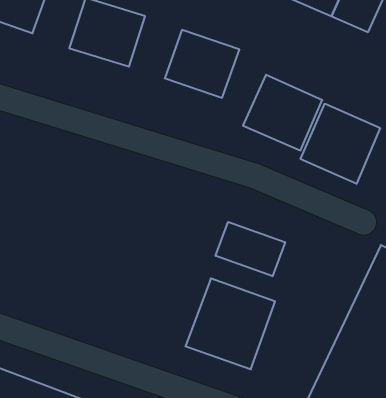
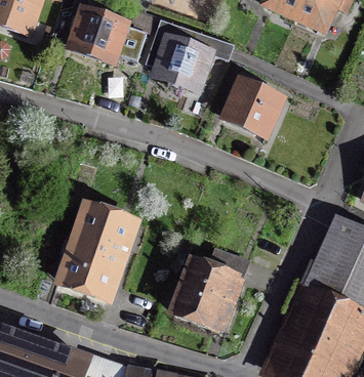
building: [301,104,380,184] -> none
building: none -> [54,198,140,301]
building: [216,222,285,276] -> none

